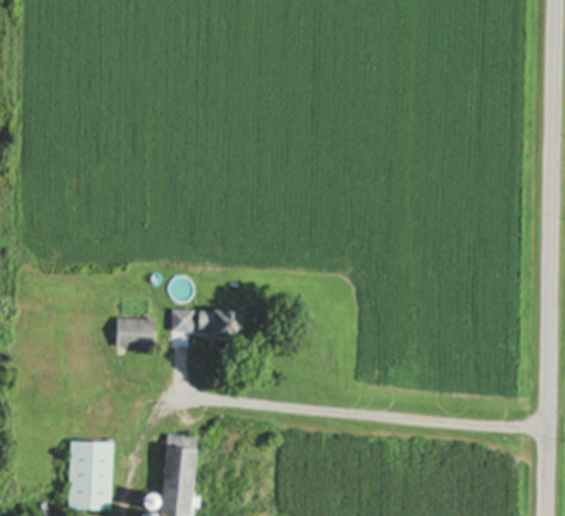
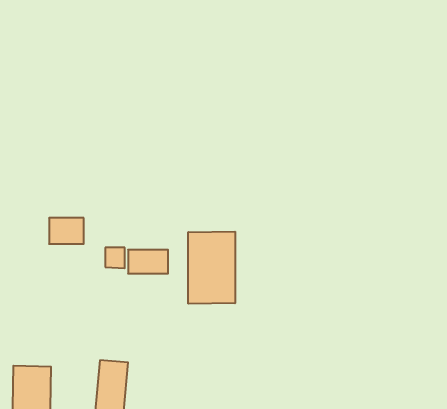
building: none -> [188,232,235,304]
building: [116,318,154,347] -> [49,218,84,244]

